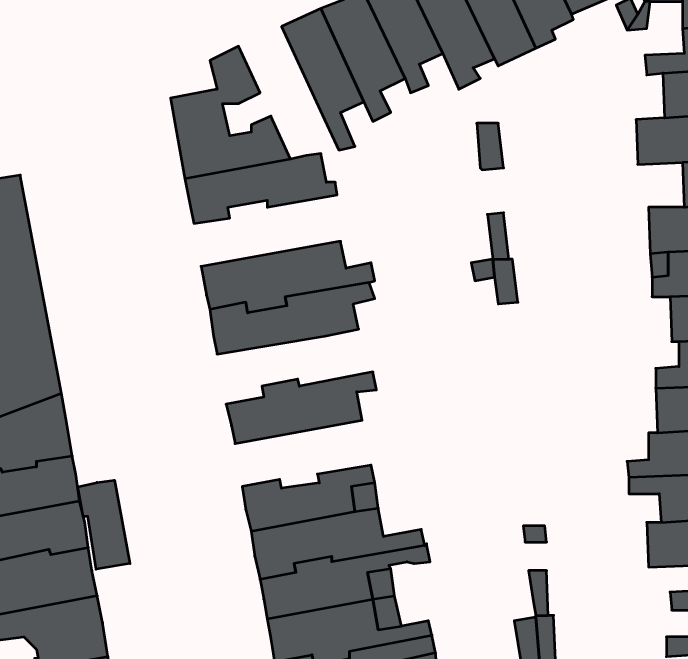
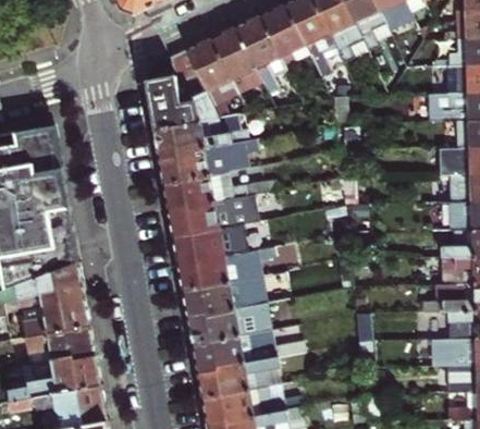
building: none -> [186,37,238,118]
building: none -> [159,138,256,183]
building: none -> [173,225,269,267]
building: none -> [184,277,285,318]
building: [78,480,130,569] -> none

